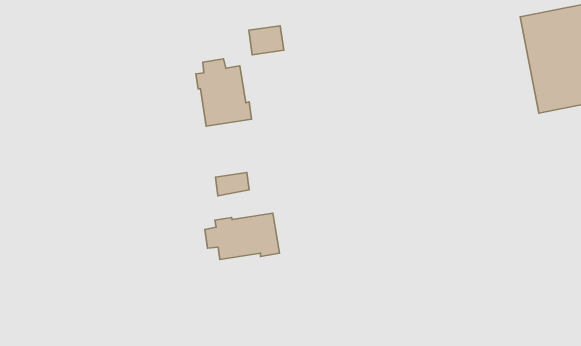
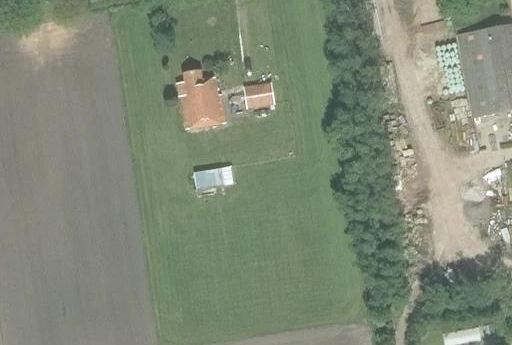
building: [249,26,284,55] -> [244,83,274,108]
building: [205,213,279,260] -> none

